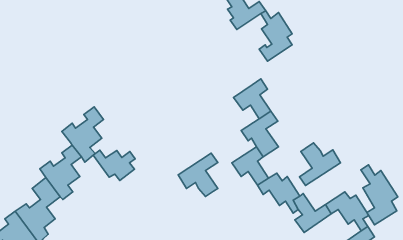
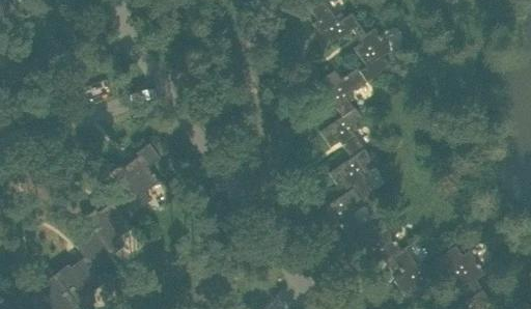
building: none -> [318,69,361,115]
building: [299,143,340,185] -> none
building: [93,150,135,180] -> none
building: [178,153,218,197] -> none
building: [361,165,398,225] -> none

